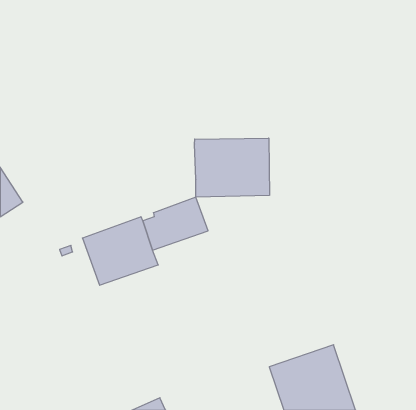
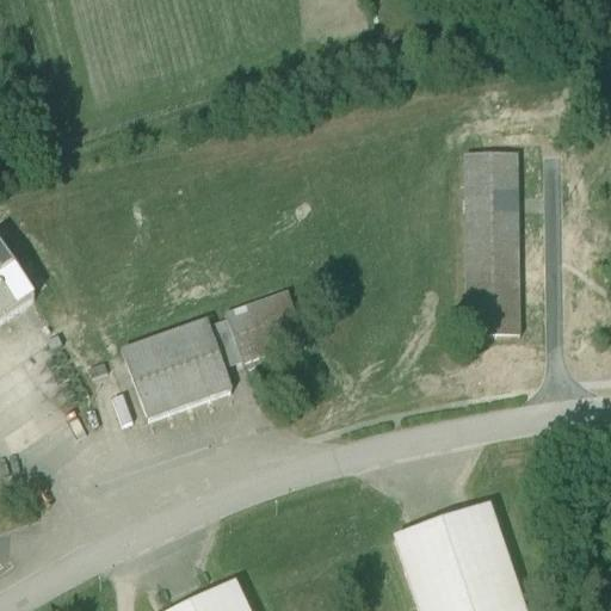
building: none -> [465,153,520,334]
building: [195,138,269,197] -> none

